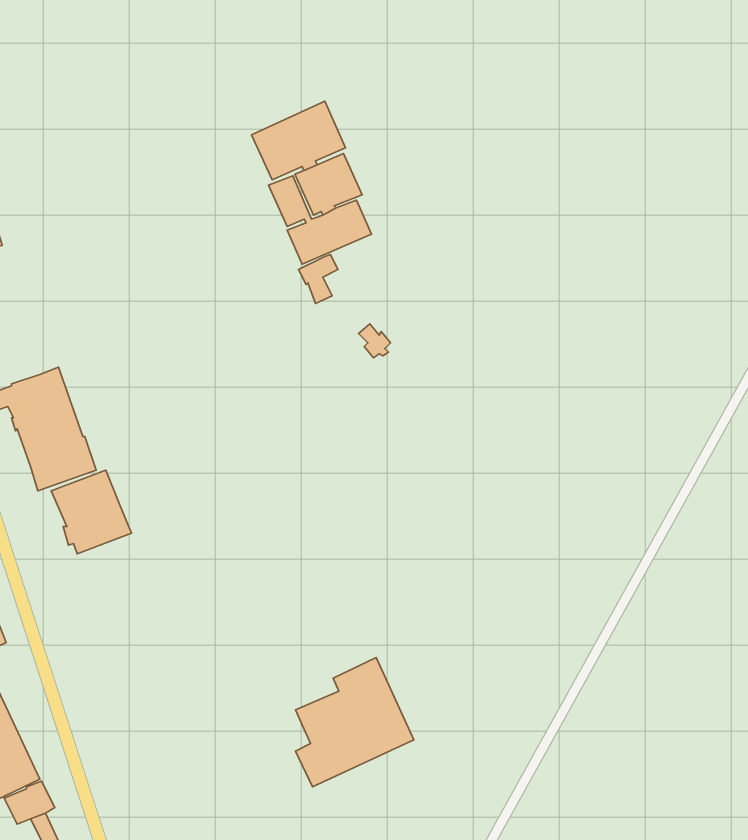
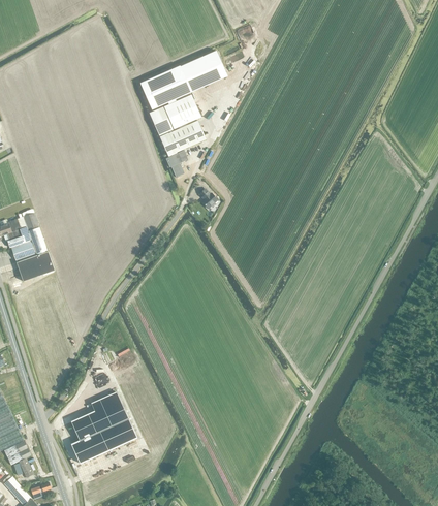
building: none -> [180,51,227,92]
building: [51,470,132,554] -> none
building: [296,657,414,787] -> [70,392,135,464]

